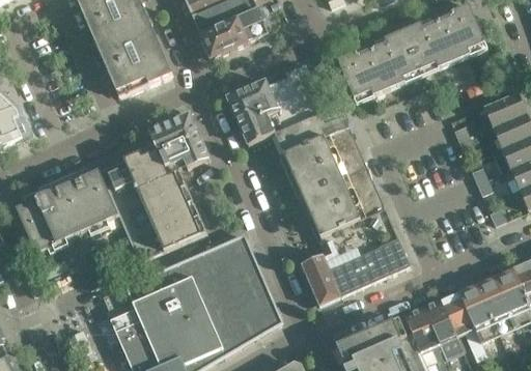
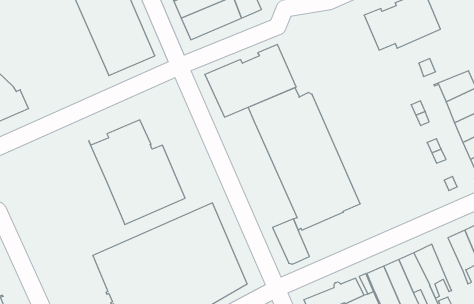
building: [337,31,418,103] -> none
building: [147,113,208,173] -> none
building: [16,167,118,254] -> none
building: [329,238,409,296] -> none
building: [476,276,515,334] -> none

